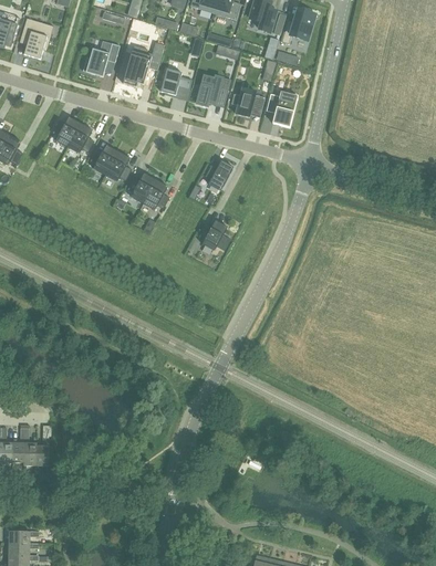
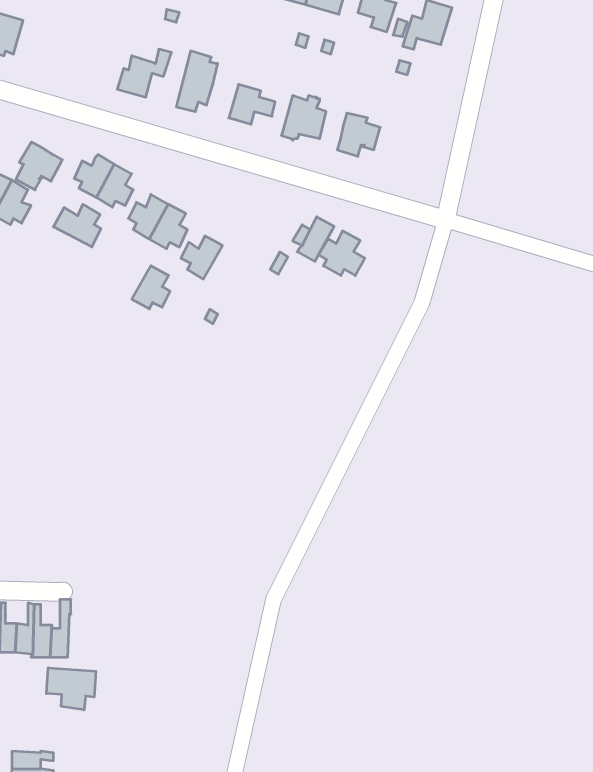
building: [20,18,51,59] -> none
building: [266,91,297,127] -> none
building: none -> [16,142,62,190]
building: none -> [53,204,101,247]
building: [142,179,168,209] -> [132,266,170,309]
building: [198,219,230,250] -> [319,231,365,276]
building: none -> [46,668,96,710]

